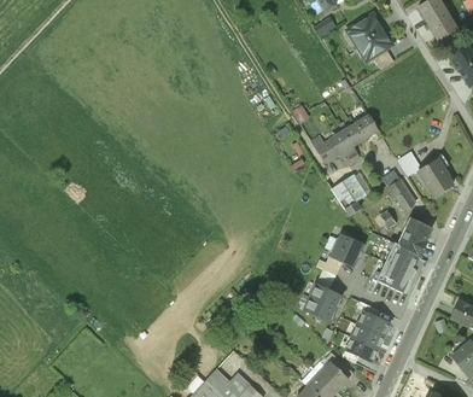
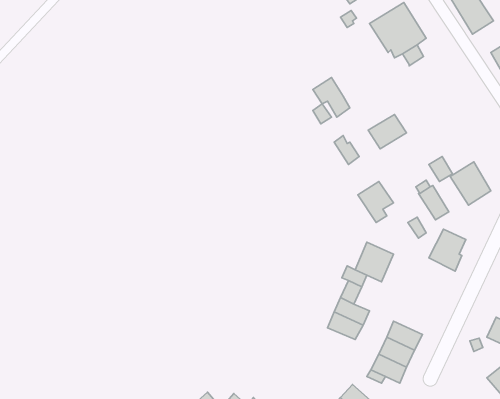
building: [326,128,360,164] -> [313,78,350,117]
building: [376,243,422,292] -> none

